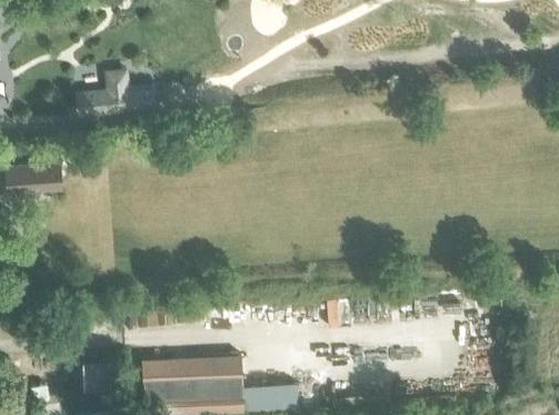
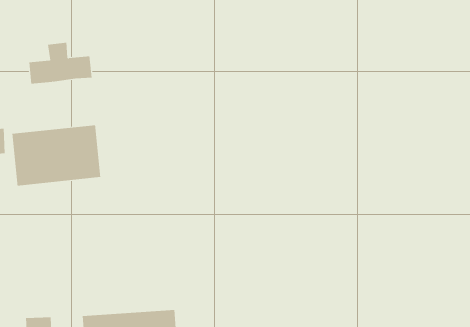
building: none -> [12,124,101,186]

